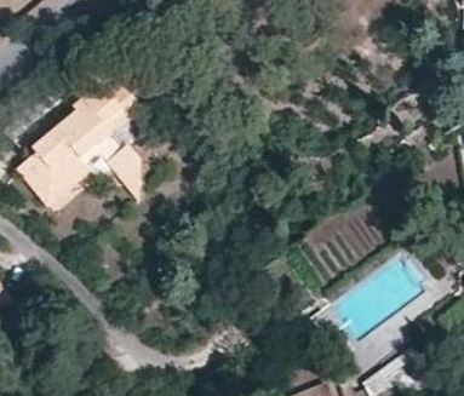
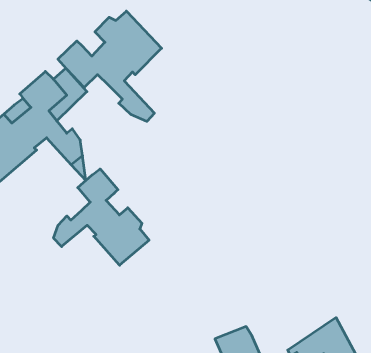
building: none -> [58,11,162,121]
building: none -> [54,169,149,265]

